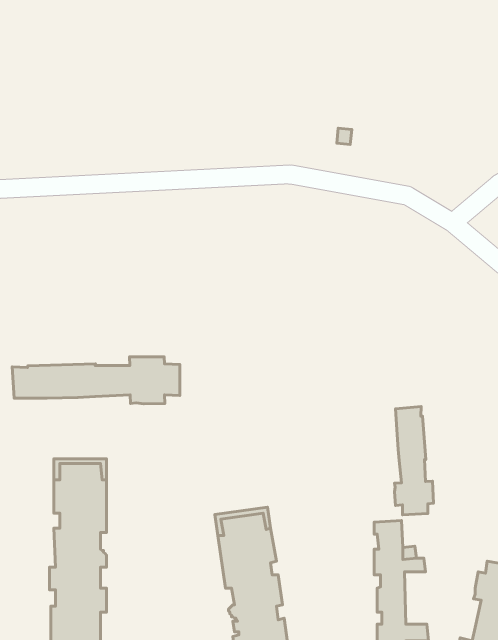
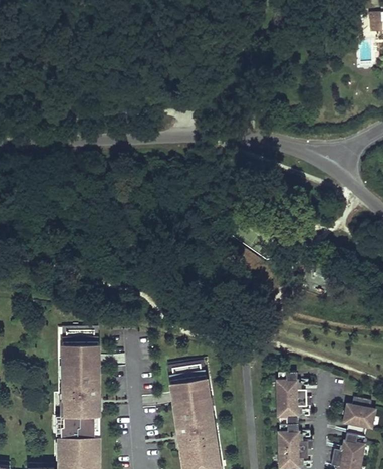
building: [12,357,180,404] -> none
building: [394,406,433,515] -> none

